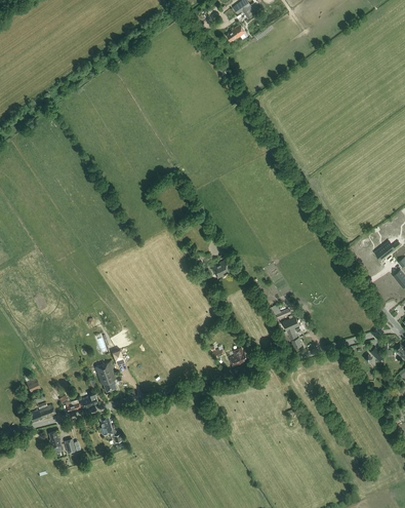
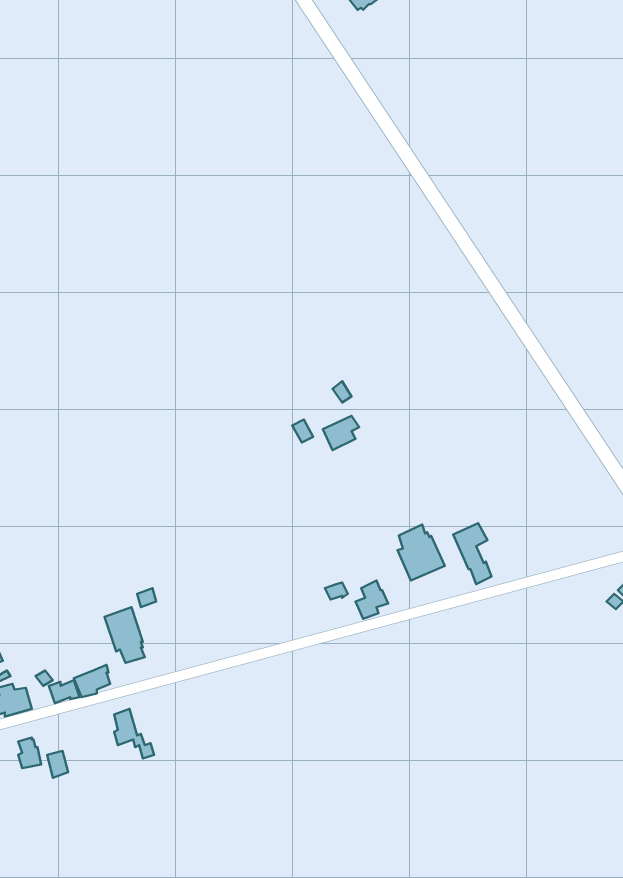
building: none -> [397,525,445,580]

